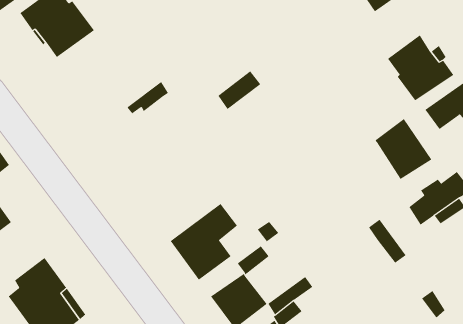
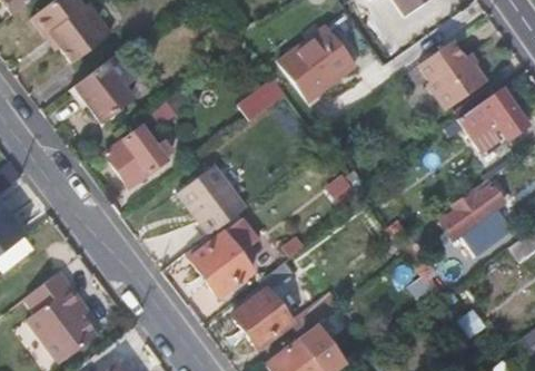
building: none -> [278,26,355,101]
building: none -> [70,59,136,124]
building: none -> [107,125,175,187]
building: [374,118,432,180] -> none
building: none -> [179,164,248,233]

